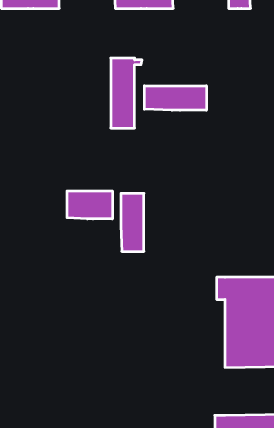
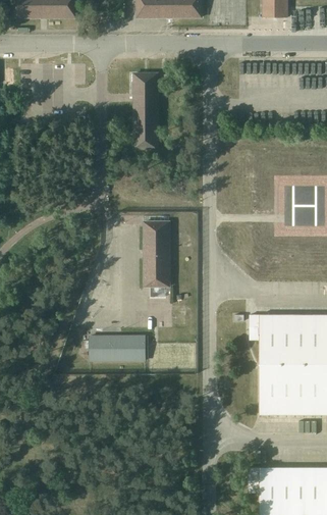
building: [144,86,206,110] -> none
building: [67,191,112,219] -> none
building: none -> [90,337,145,361]

